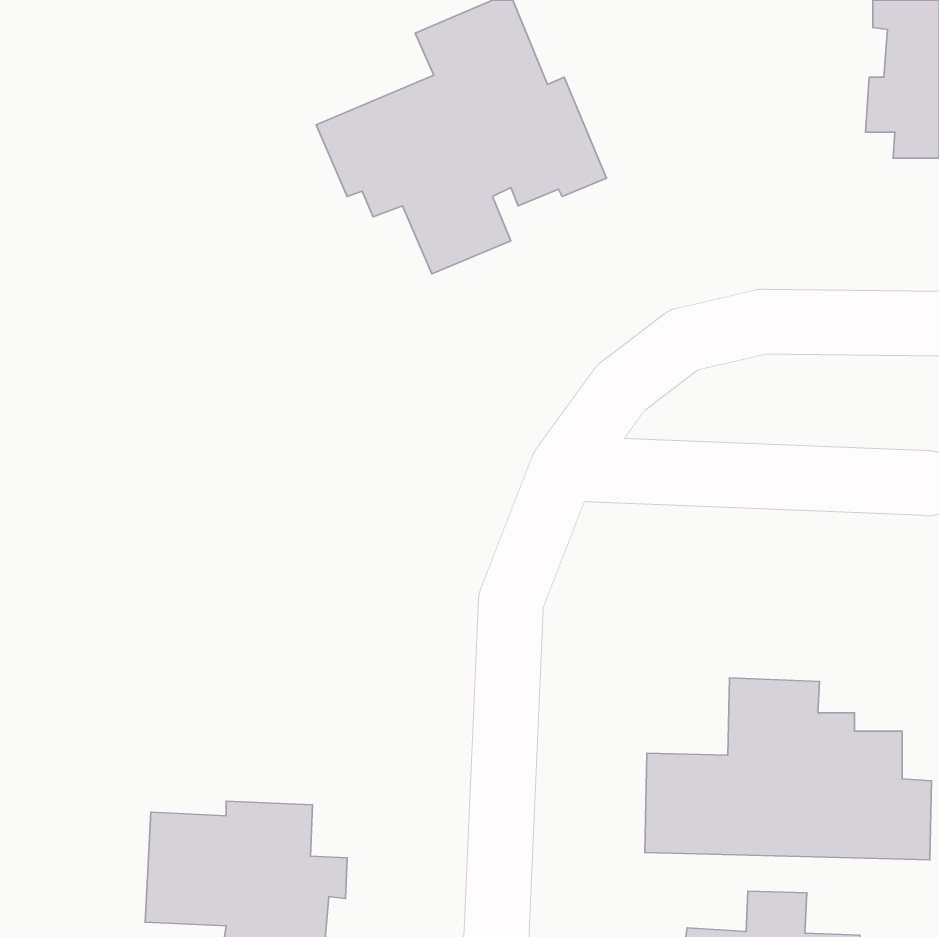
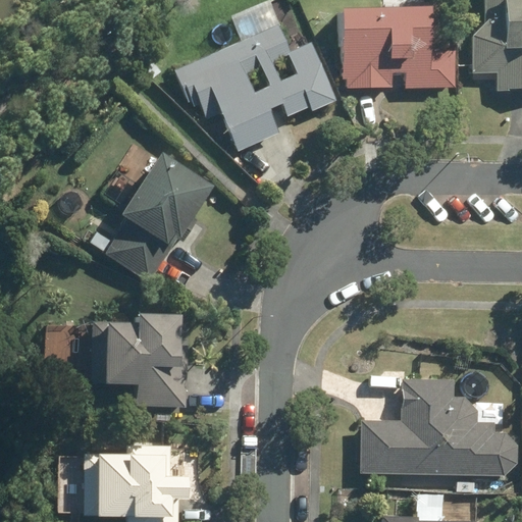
building: none -> [342,5,457,90]
building: none -> [89,154,213,283]
building: none -> [89,311,189,409]

